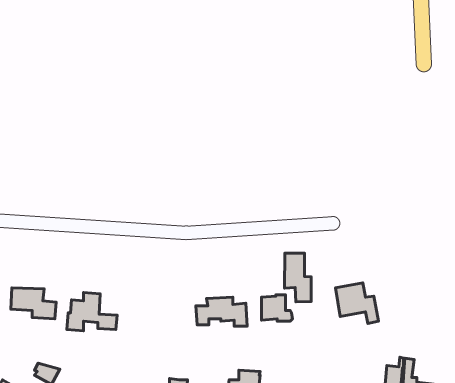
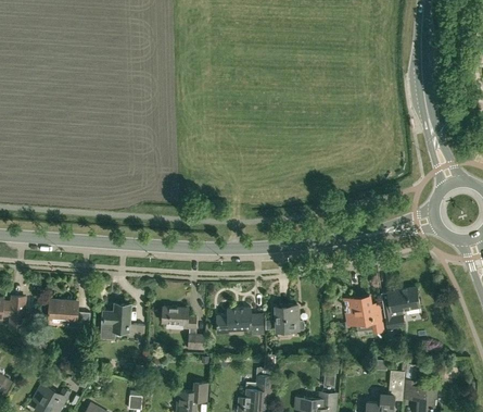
building: [284,253,311,302] -> none
building: none -> [380,288,419,328]
building: none -> [162,307,205,350]

